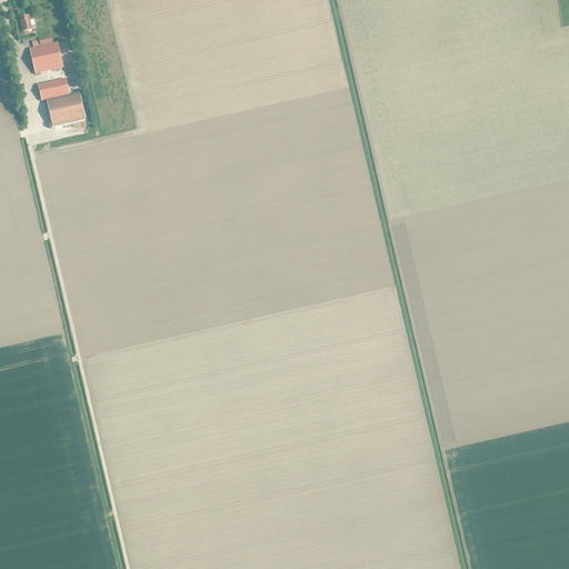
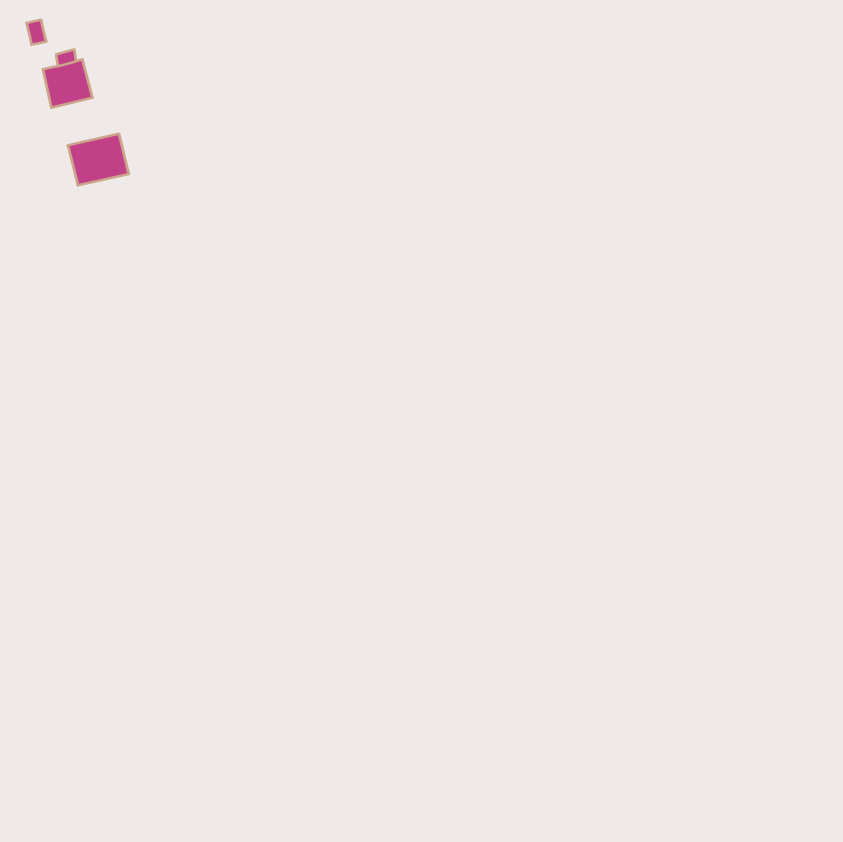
building: [38,77,69,99] -> none

